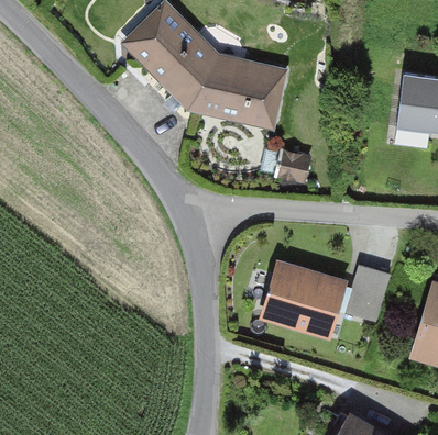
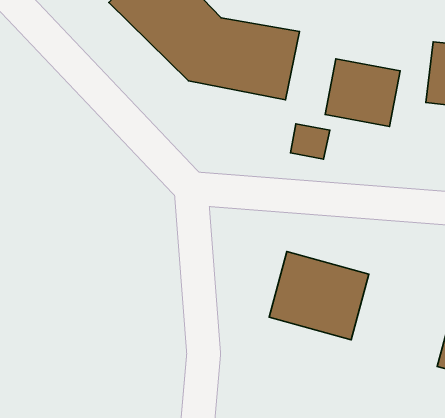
building: none -> [325,59,400,126]
building: [347,266,392,322] -> none

